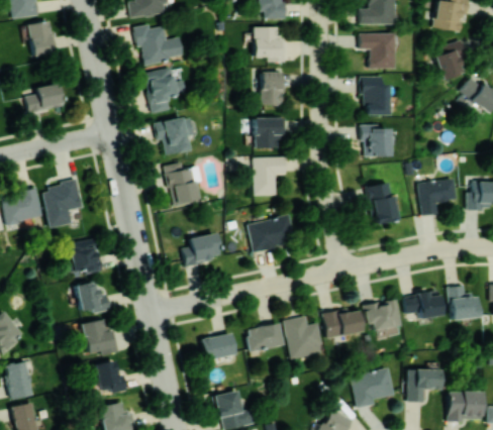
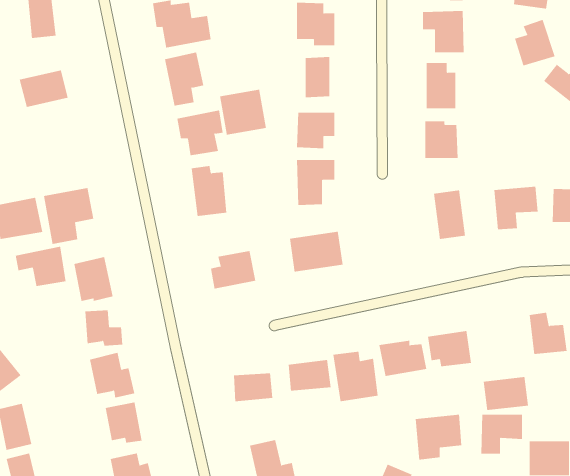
building: none -> [219,89,267,136]
building: none -> [15,246,66,287]
building: [404,292,442,320] -> [483,377,529,411]

